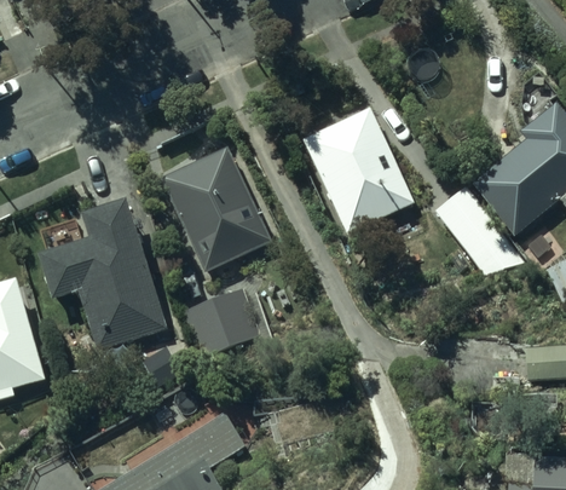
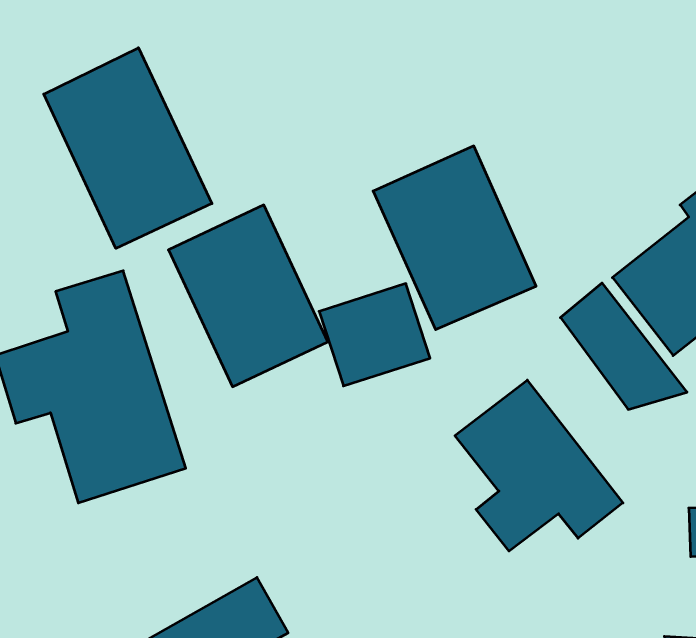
building: none -> [44,48,212,248]
building: none -> [455,380,623,551]
building: [181,287,259,358] -> [319,284,430,386]

